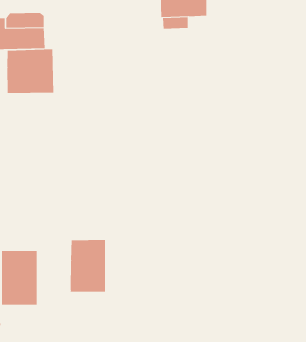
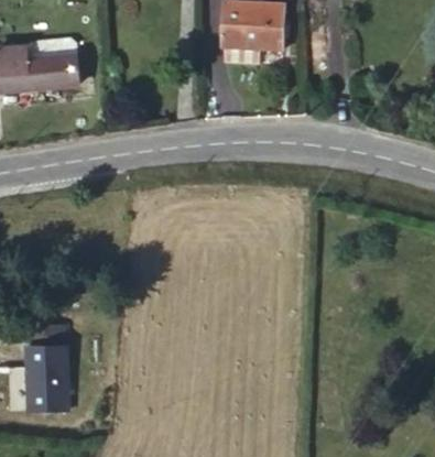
building: [7,48,54,94] -> none
building: [70,239,106,292] -> none

